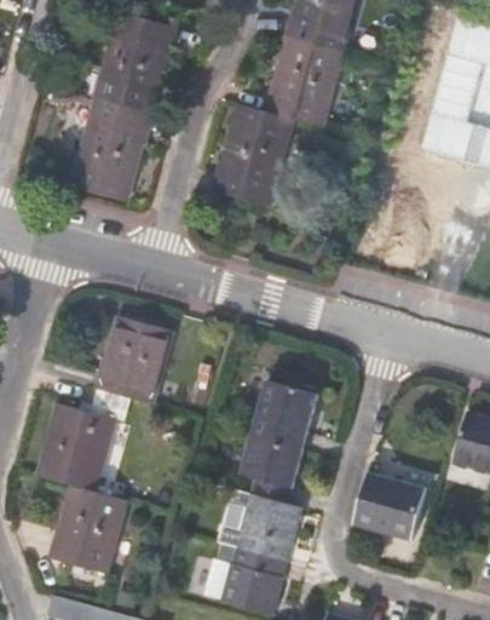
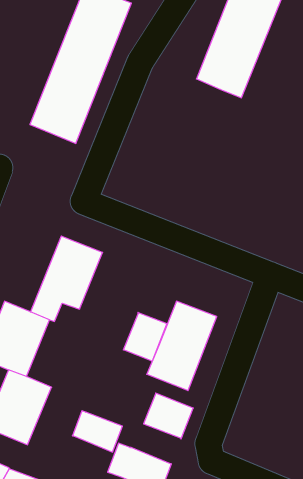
building: [211,104,293,207] -> none
building: none -> [123,312,167,361]
building: [353,475,423,540] -> none
building: [229,533,288,579] -> [72,411,122,452]

